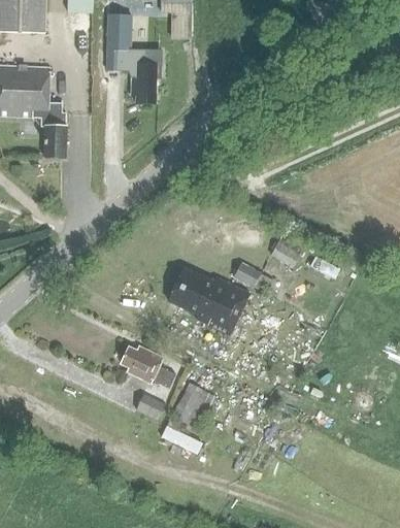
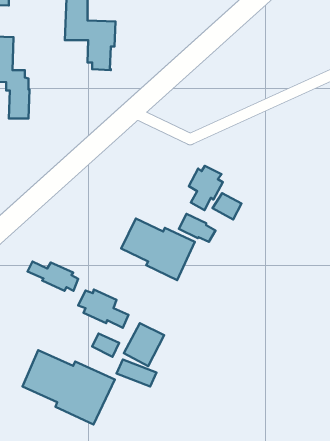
building: none -> [189,166,223,210]
building: none -> [28,261,78,291]
building: none -> [22,350,115,425]

